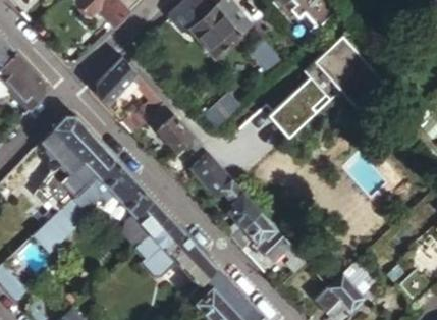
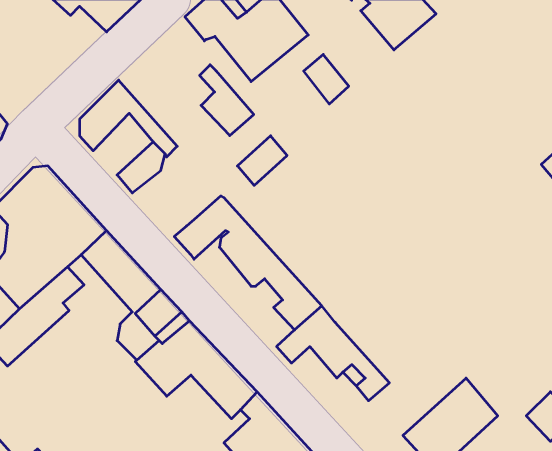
building: [266,40,387,141] -> none
building: [155,103,192,151] -> [200,65,254,136]

